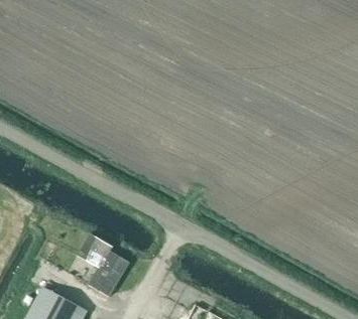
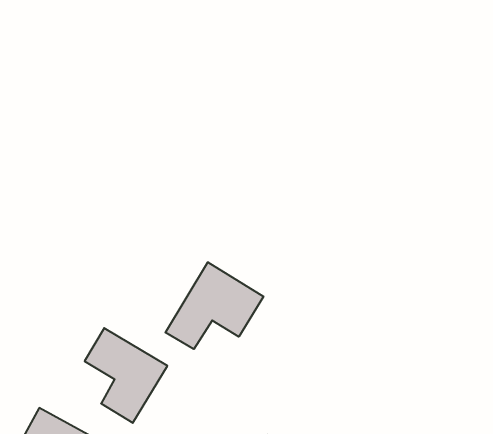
building: none -> [165,262,263,349]

